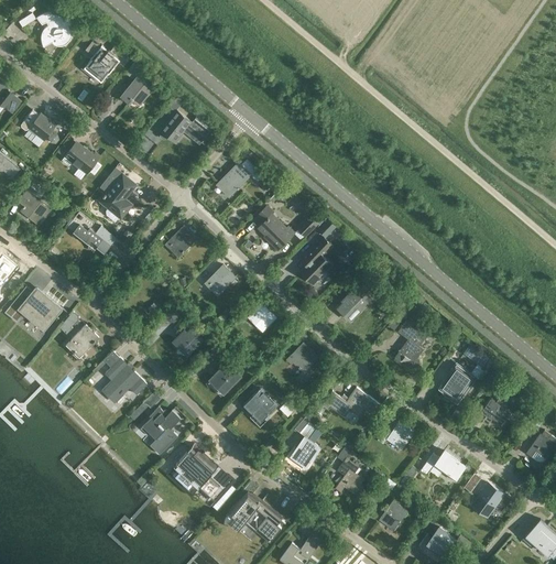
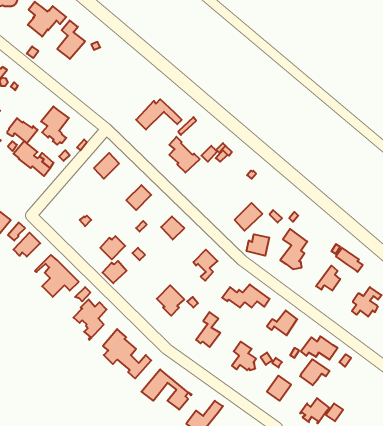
building: [161,111,206,142] -> none
building: [63,143,100,174] -> [7,118,38,143]
building: [301,237,332,283] -> none
building: none -> [247,234,269,256]
building: [210,365,240,392] -> [102,261,127,283]
building: [472,484,509,516] -> [300,359,330,385]

